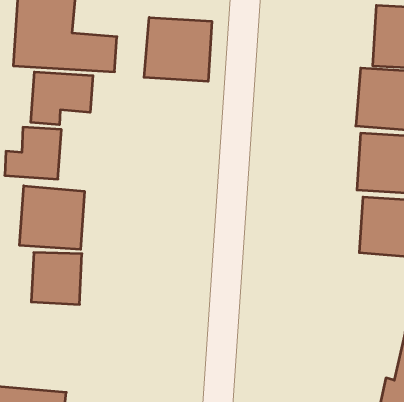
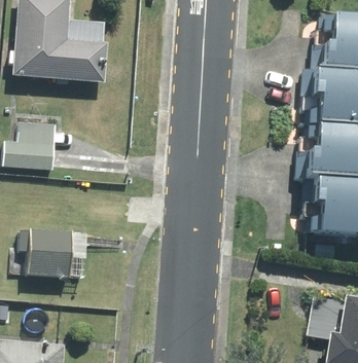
building: [144,17,212,81] -> none
building: [31,72,93,125] -> none
building: [20,186,84,249] -> none

